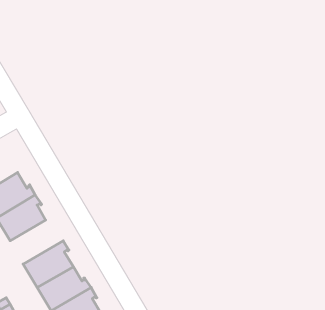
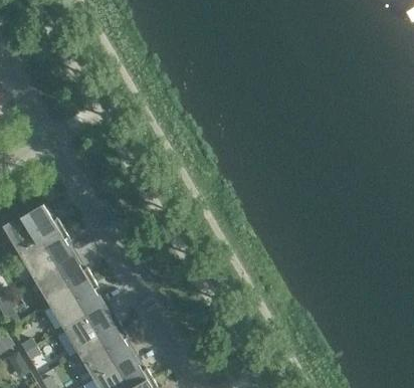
building: none -> [34,255,91,303]

